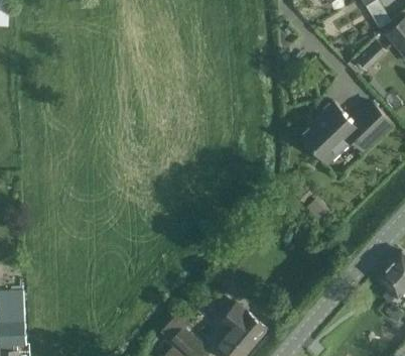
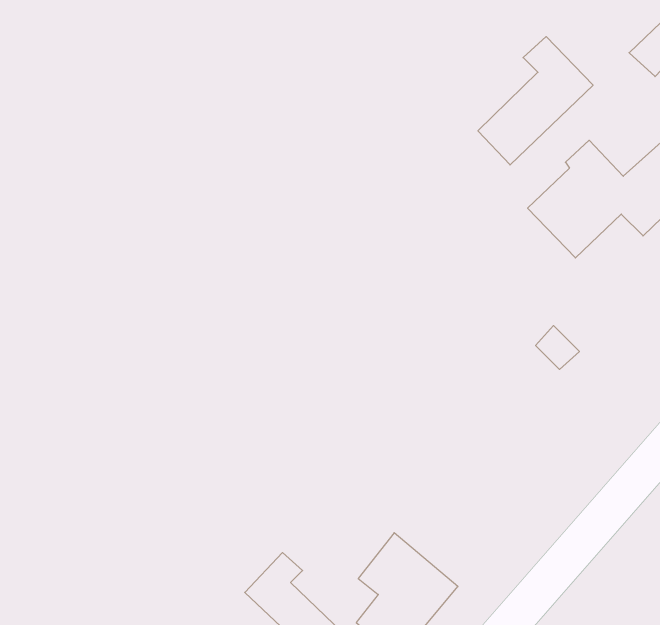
building: none -> [478,37,593,165]

